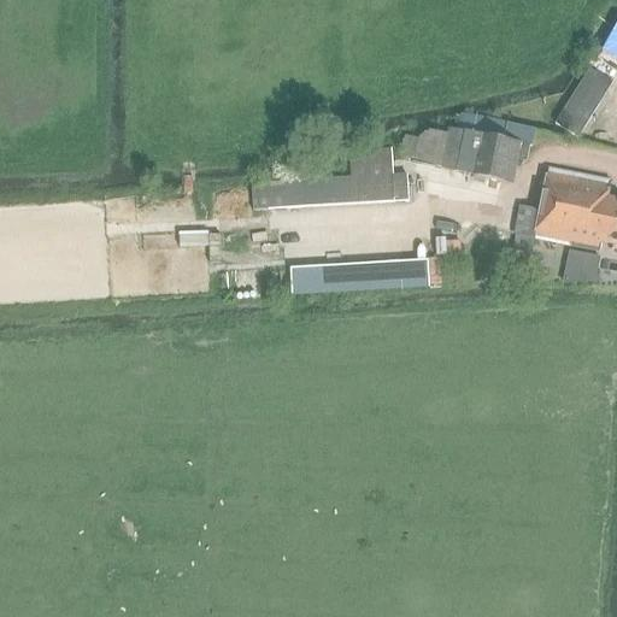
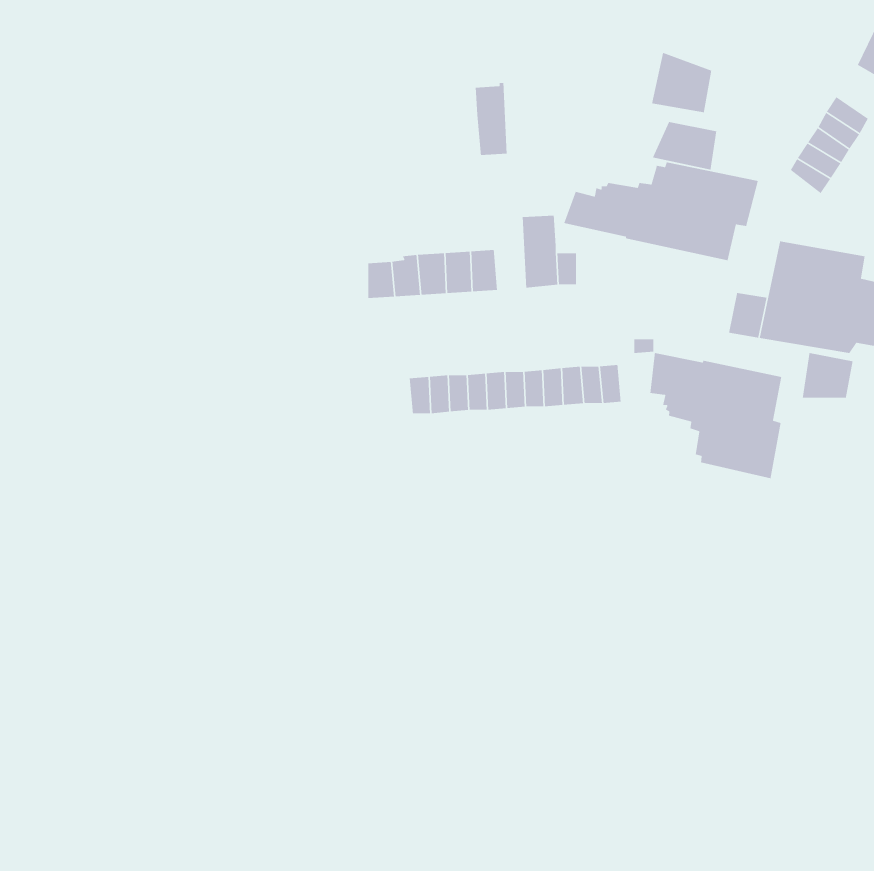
building: none -> [651,52,712,113]
building: none -> [652,121,717,171]
building: [348,152,371,204] -> [475,82,508,156]
building: none -> [649,352,782,479]

